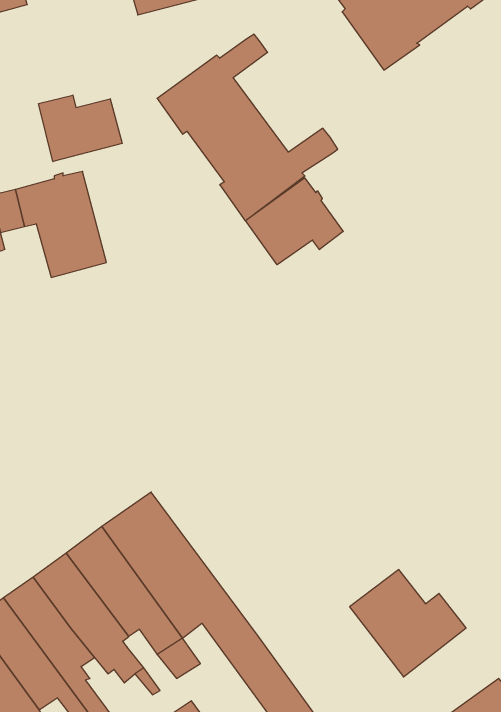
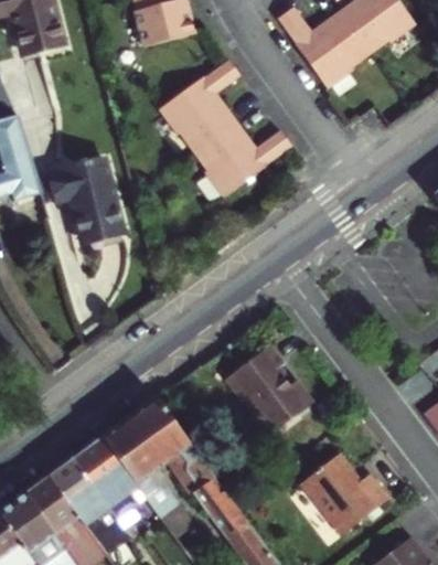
building: [39,95,122,162] -> none
building: [245,178,343,265] -> none
building: none -> [227,344,313,435]

